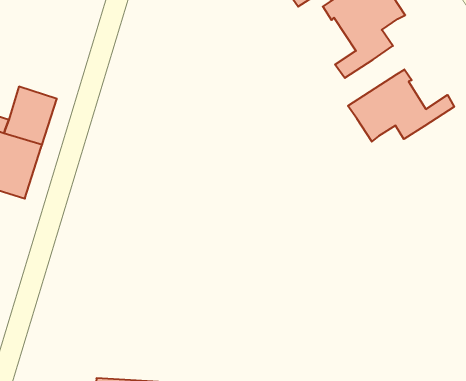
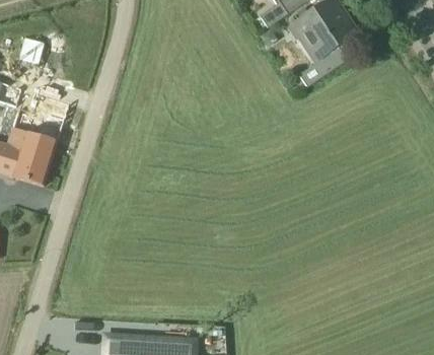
building: [348,69,454,142] -> none

